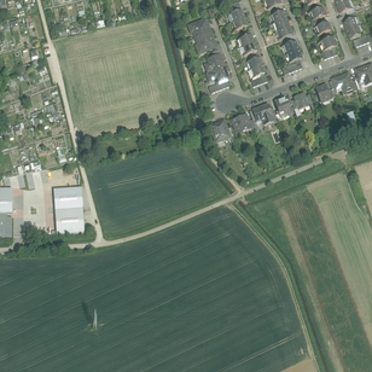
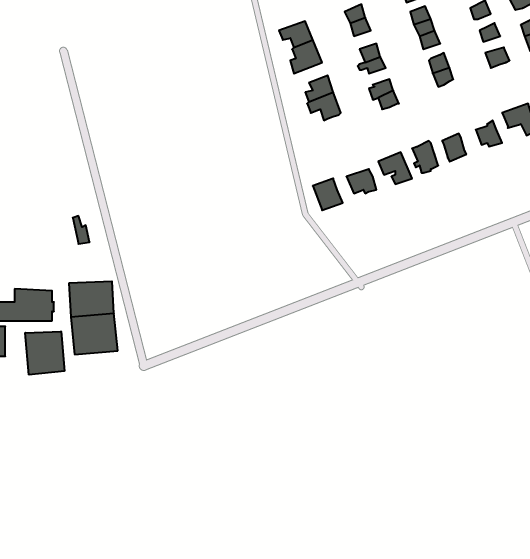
building: none -> [25,331,64,375]

